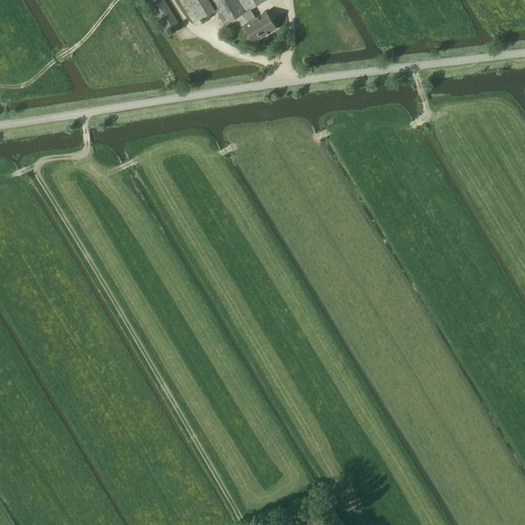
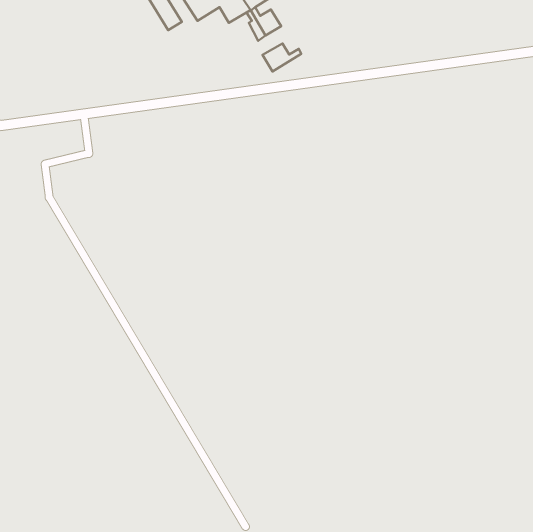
building: none -> [263,43,301,71]

